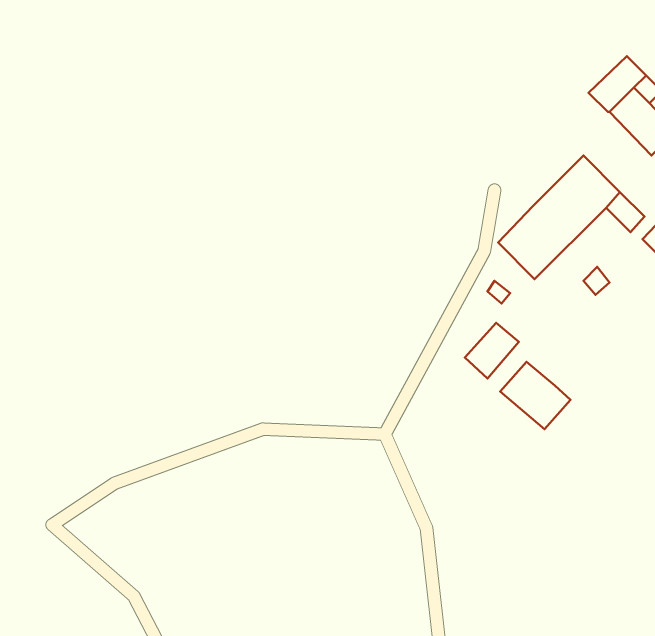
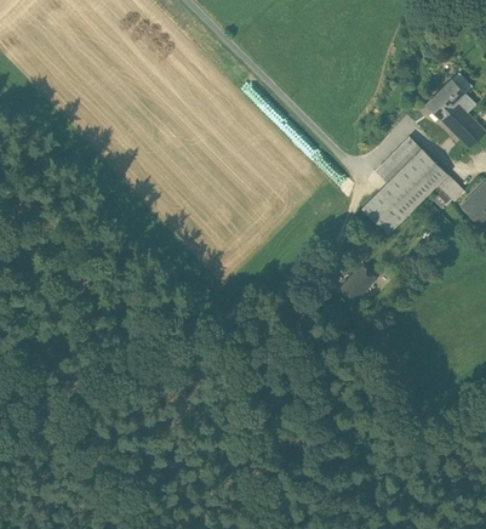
building: none -> [374,136,421,183]
building: [500,362,571,429] -> none

